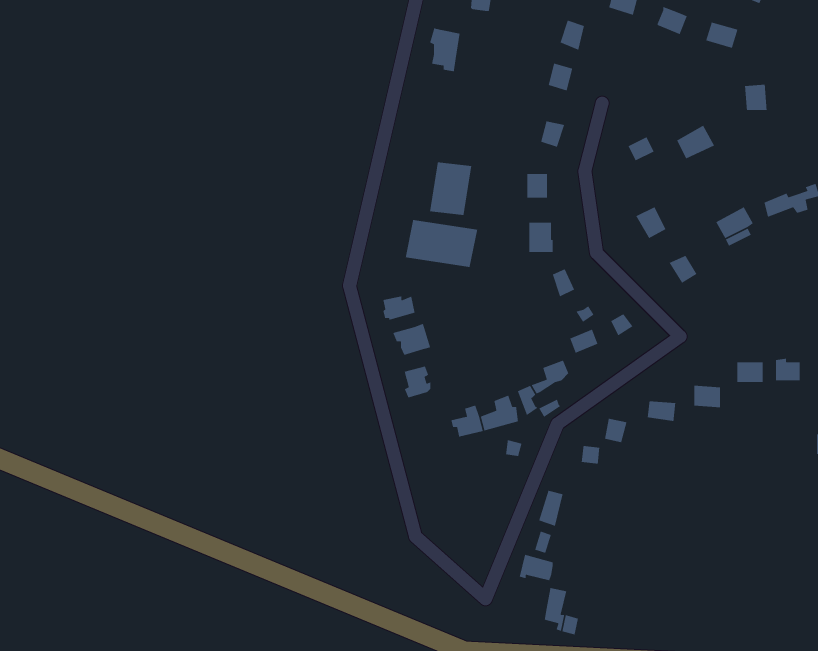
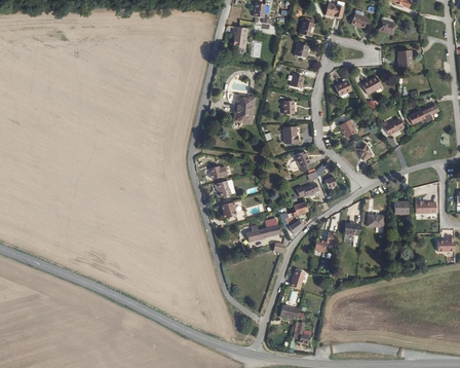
building: [405,219,478,268] -> none

